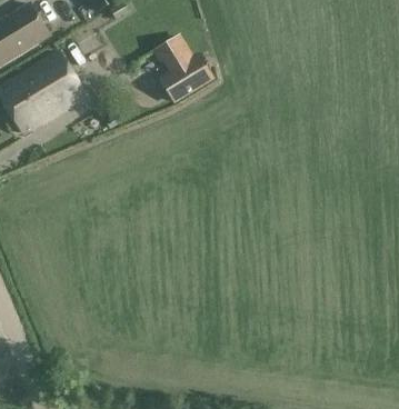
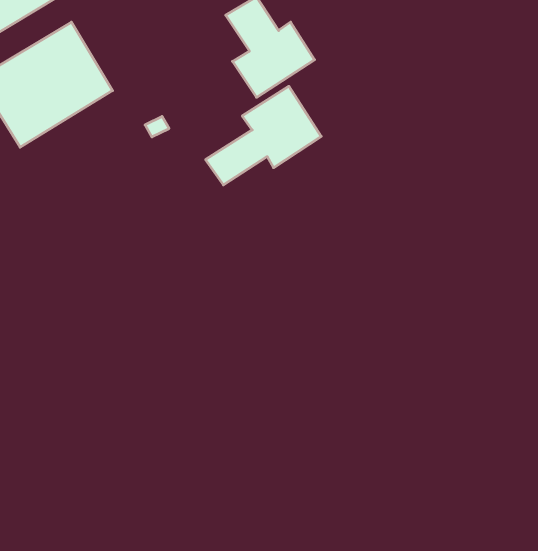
building: none -> [206,86,321,185]

